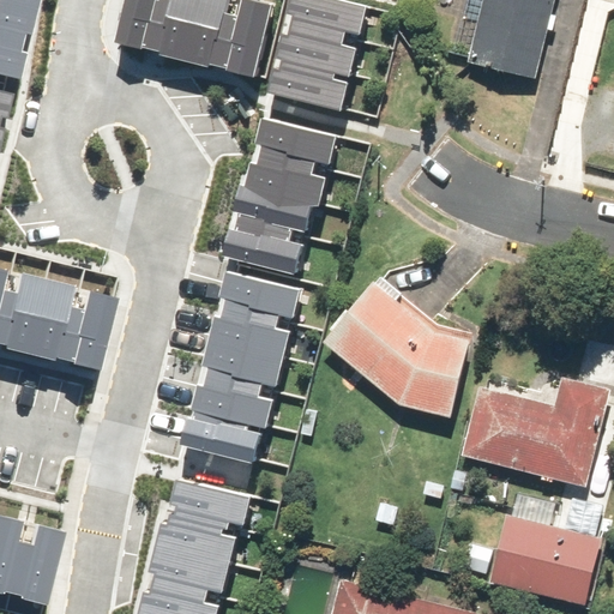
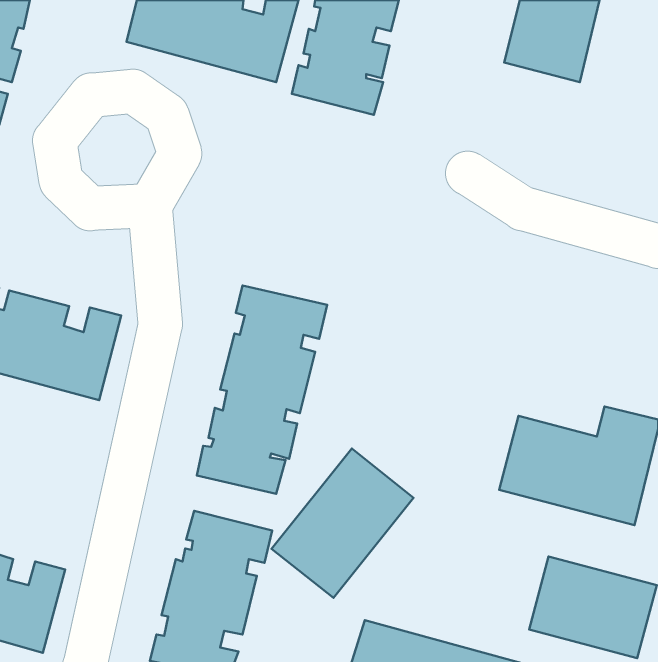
building: [227,113,336,267] -> none
building: [321,276,470,421] -> none
building: none -> [271,448,414,598]

